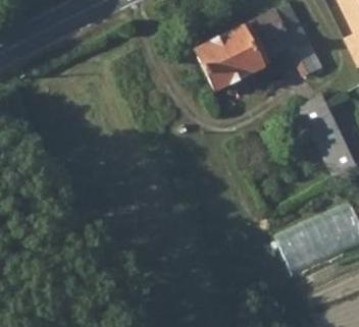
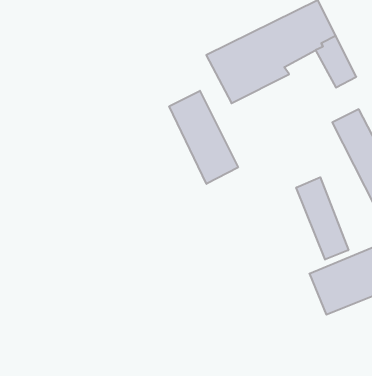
building: none -> [169,91,238,184]
building: none -> [296,177,348,260]

